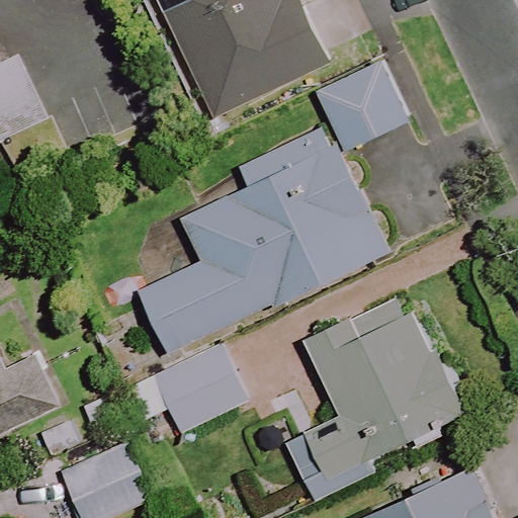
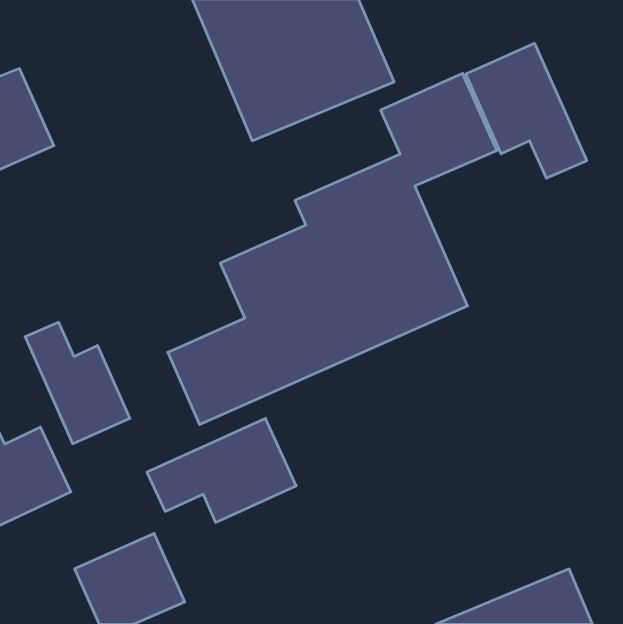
building: none -> [466,43,587,178]
building: none -> [25,322,130,444]
building: [269,296,462,503] -> none

